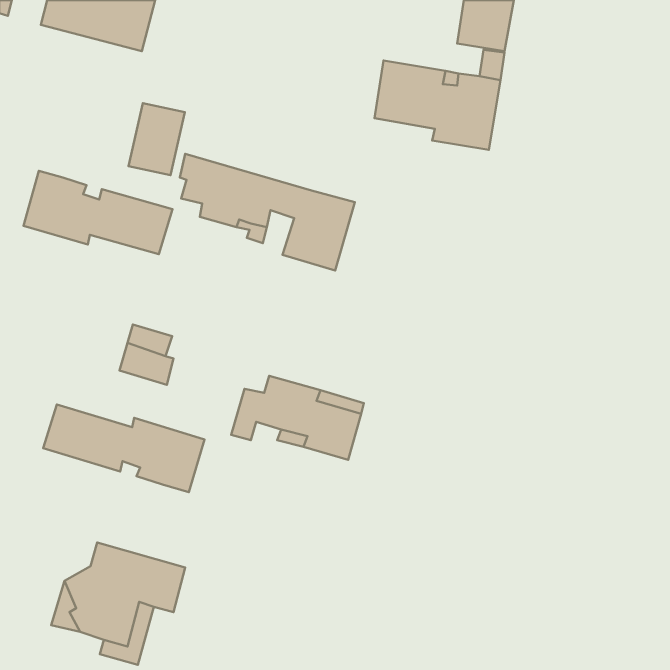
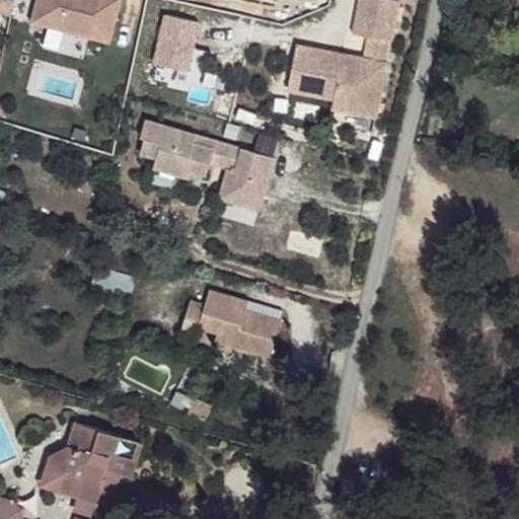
building: [128,103,185,175] -> [152,14,196,70]
building: [23,171,172,254] -> none
building: [43,405,204,492] -> none

